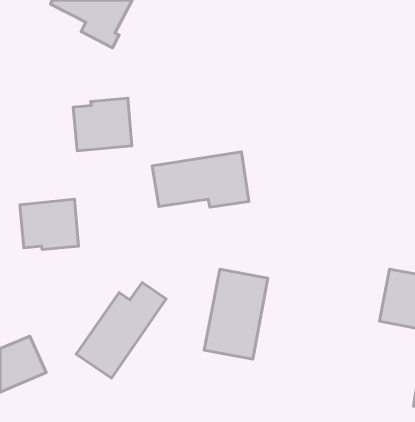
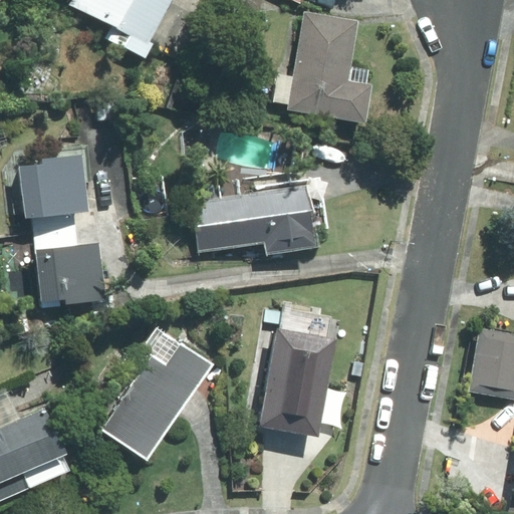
building: none -> [289,10,371,122]
building: [73,98,132,151] -> [16,154,87,218]

